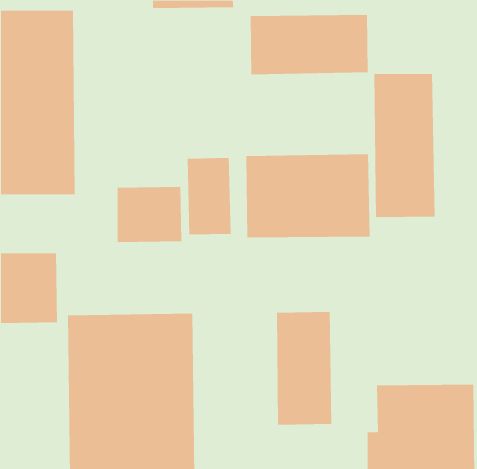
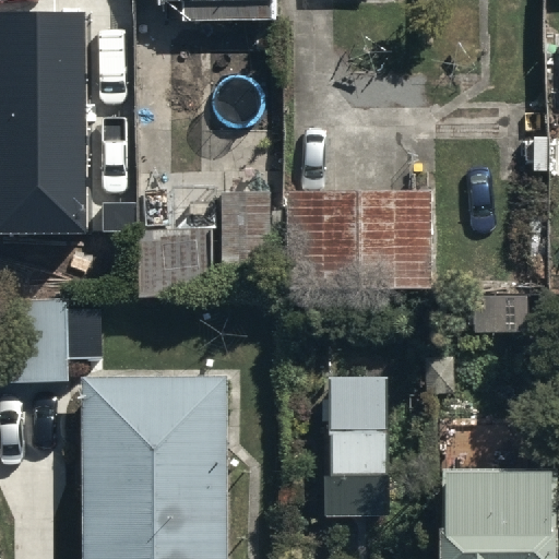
building: [250,14,368,75] -> none
building: [374,73,435,218] -> none

